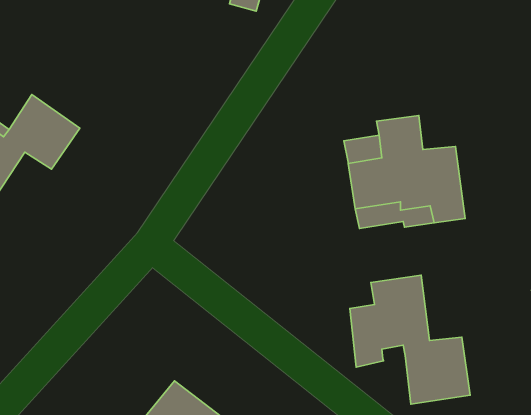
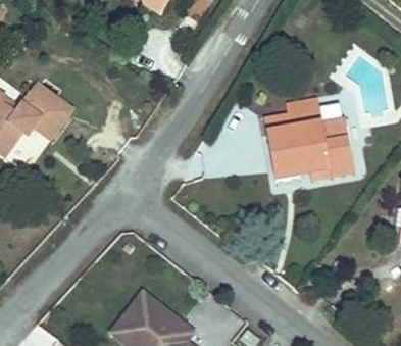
building: [350,275,470,404] -> none

